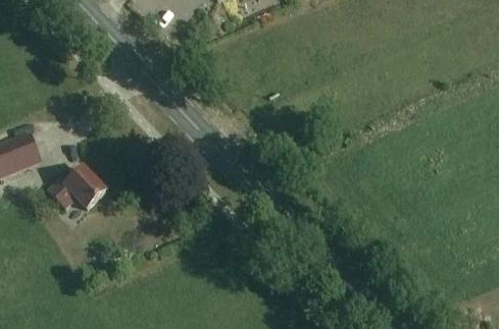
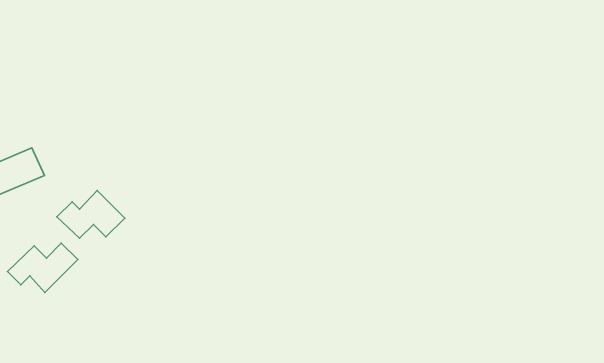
building: none -> [7,243,78,293]

